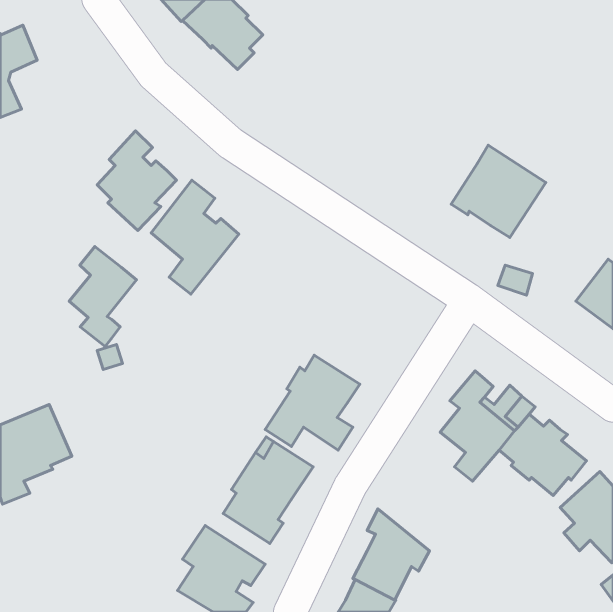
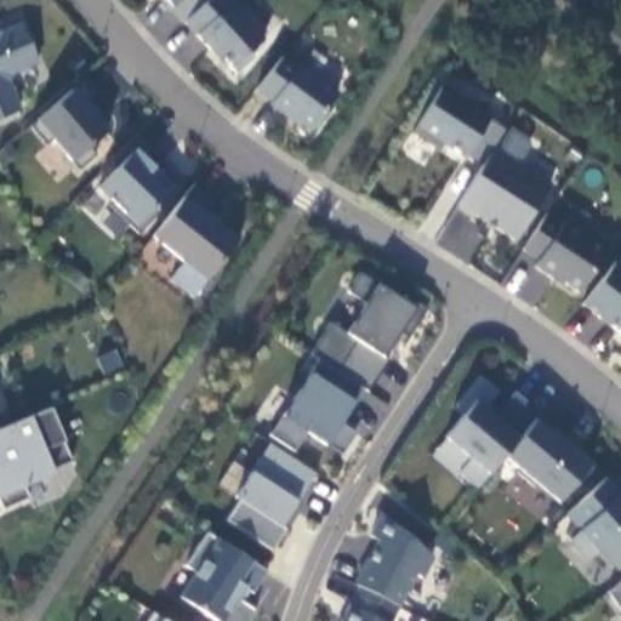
building: none -> [256,56,337,130]
building: none -> [30,78,107,170]
building: none -> [412,86,505,165]
building: none -> [523,213,608,292]
building: [69,247,137,347] -> none
building: none -> [310,272,428,392]

